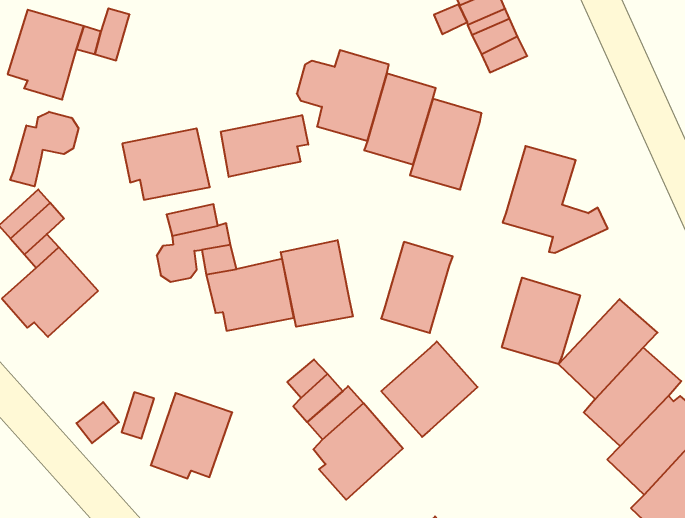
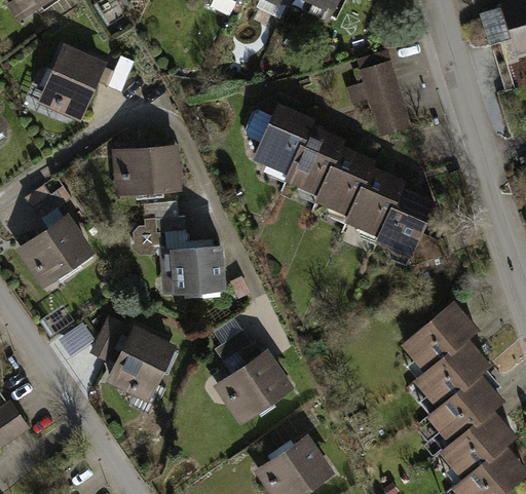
building: [10,112,78,186] -> none
building: [221,115,308,177] -> none
building: [281,240,353,327] -> none
building: [381,242,453,333] -> [347,168,403,234]
building: [502,278,580,364] -> none
building: [381,341,478,437] -> none

